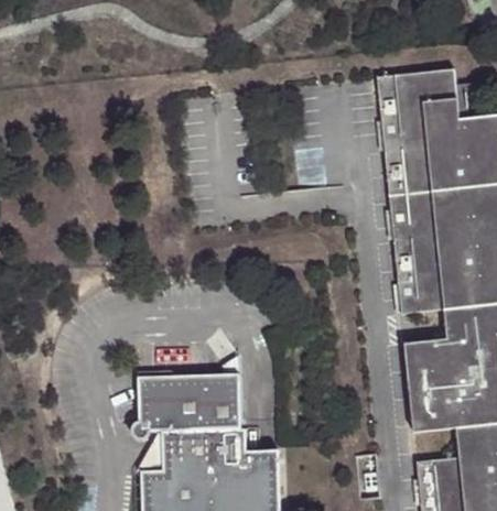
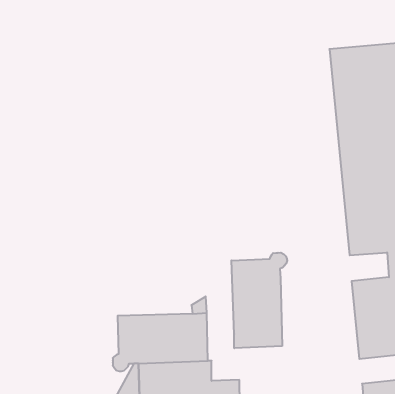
building: none -> [231,253,287,348]

